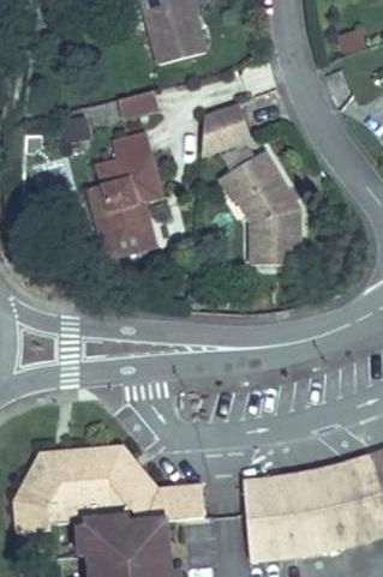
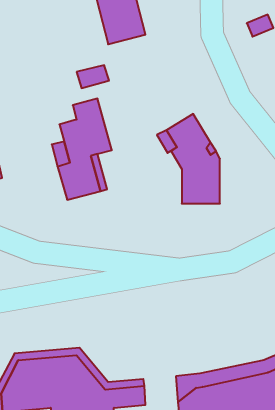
building: [201,104,250,155] -> none

